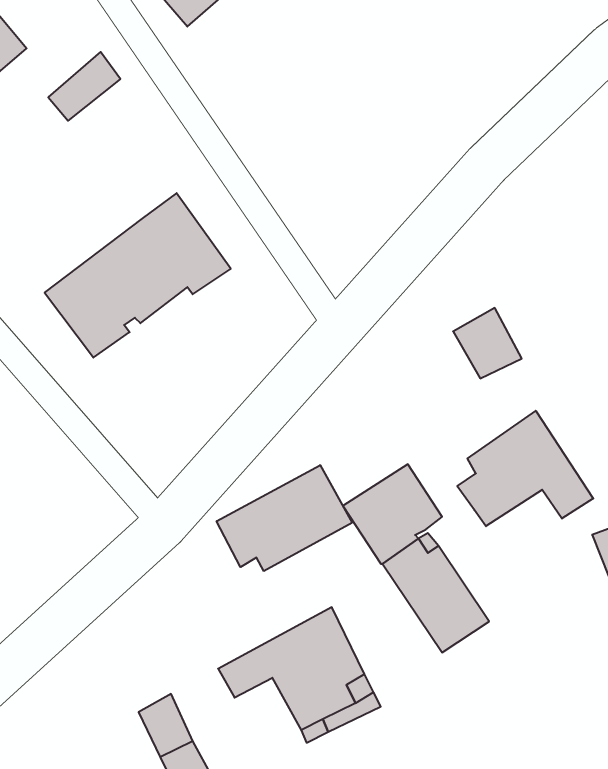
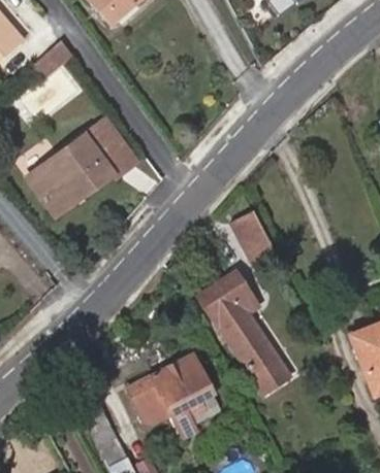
building: [453,308,522,378] -> [229,210,268,250]
building: [457,411,593,526] -> none
building: [217,465,352,571] -> none

